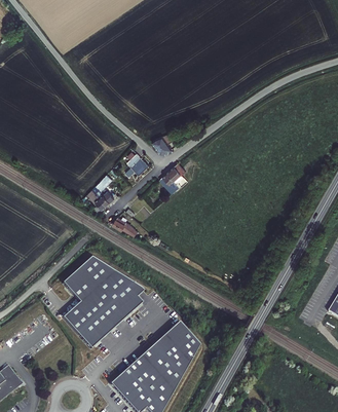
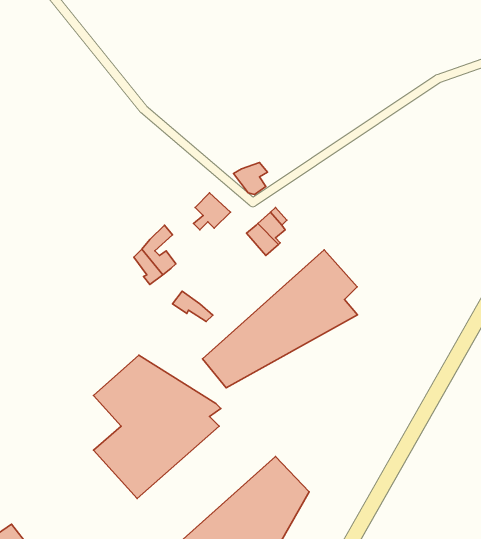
building: none -> [202,250,358,388]

